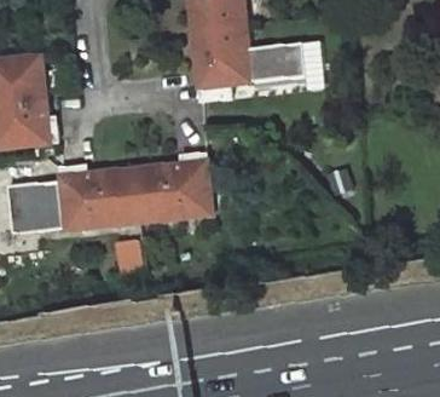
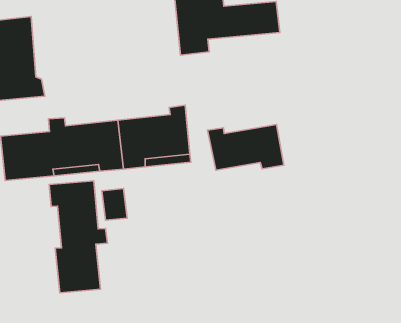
building: none -> [208,125,284,170]
building: none -> [49,181,107,293]

